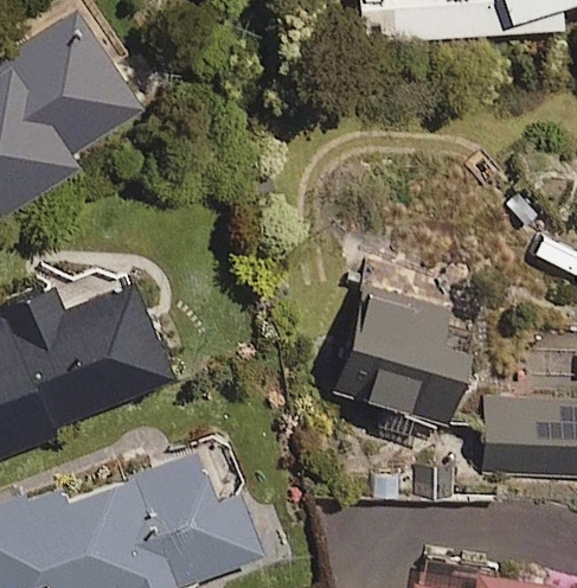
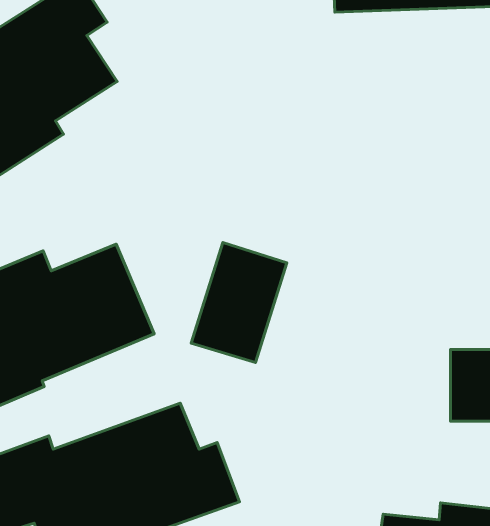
building: none -> [191,243,287,362]
building: [334,295,479,429] -> none

